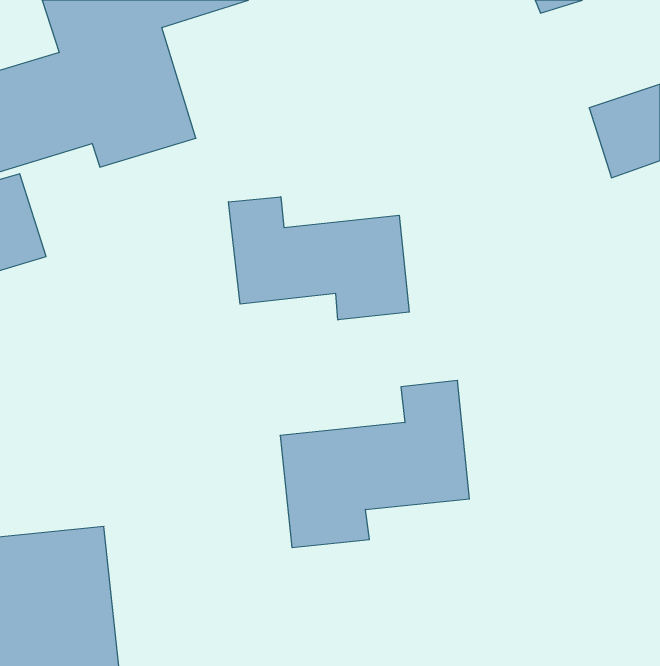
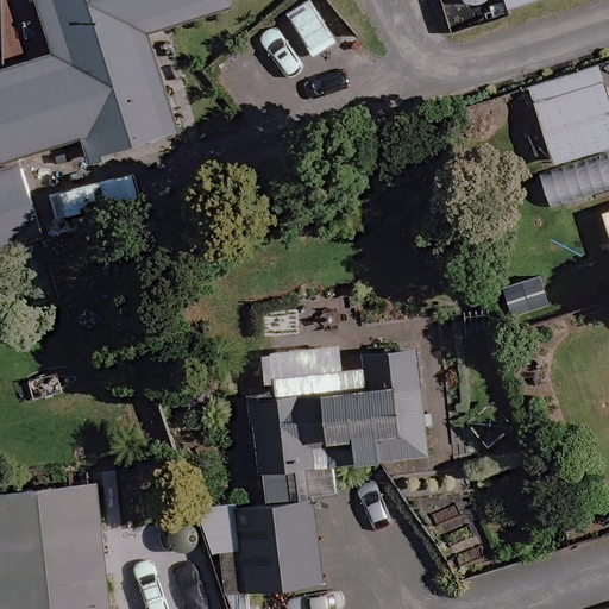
building: [229,197,409,320] -> none
building: none -> [237,503,322,591]

